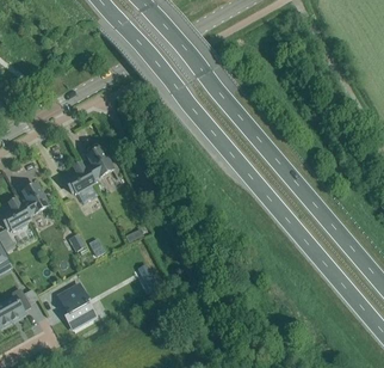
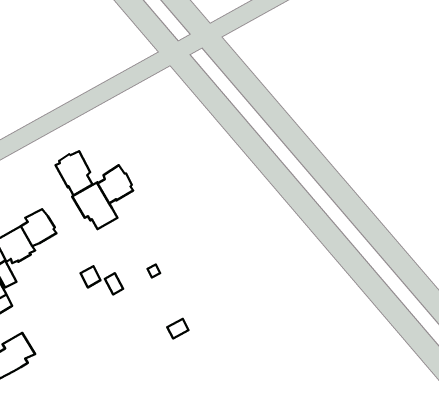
building: none -> [55,151,92,195]
building: [61,284,94,329] -> none

